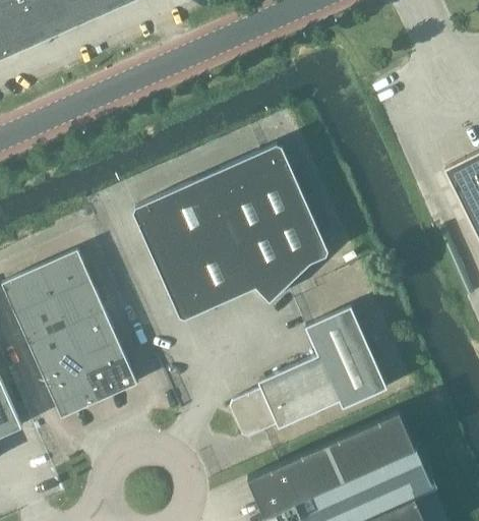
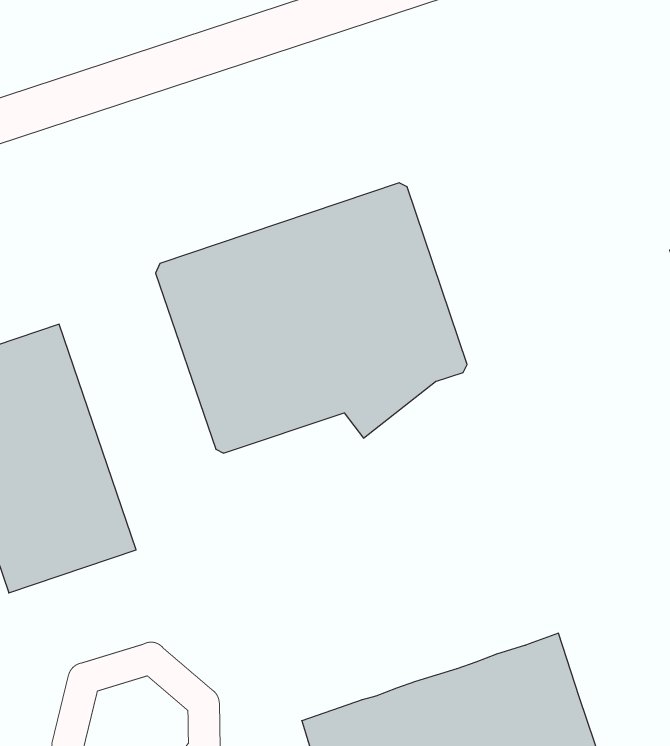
building: [230,307,386,436] -> none

